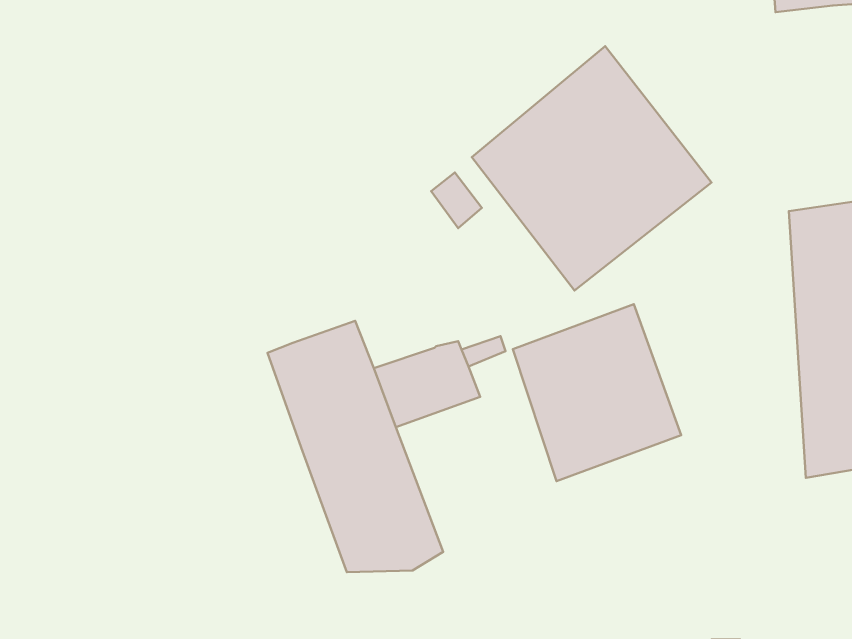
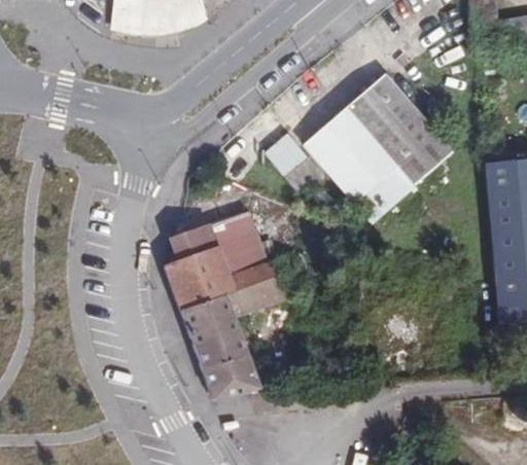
building: none -> [177,200,270,265]
building: [513,304,681,481] -> none

